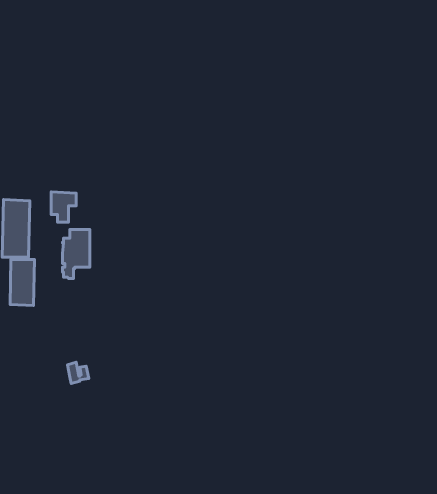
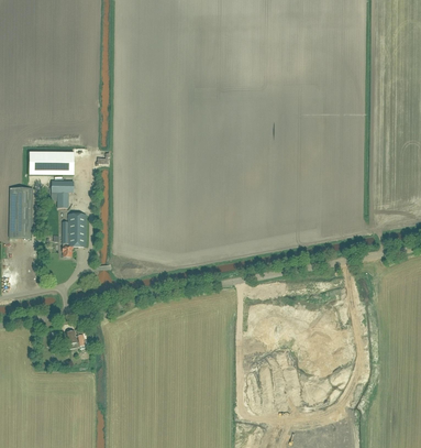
building: none -> [29,152,74,174]
building: [10,259,34,306] -> none

